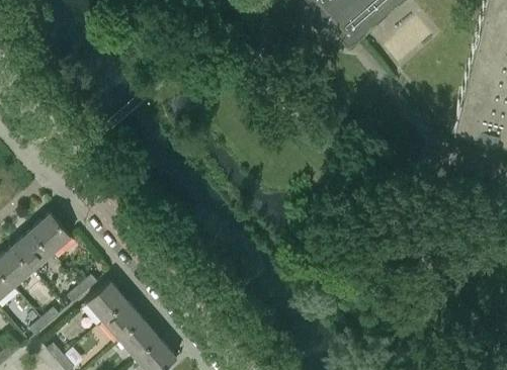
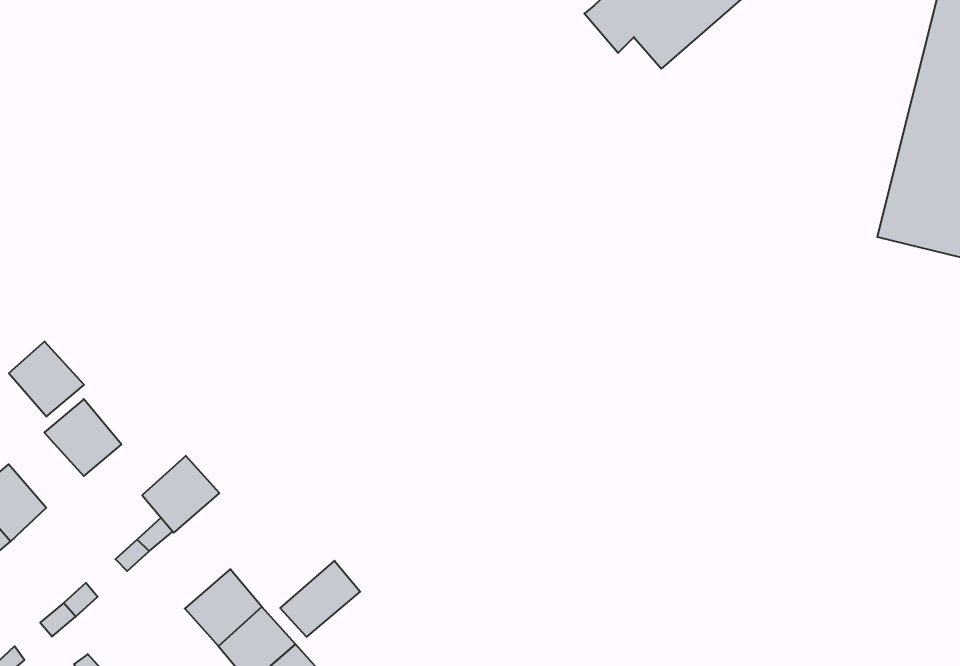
building: [13,232,52,270] -> [9,341,84,417]
building: [87,282,126,321] -> [142,456,219,533]
building: none -> [280,561,360,637]

